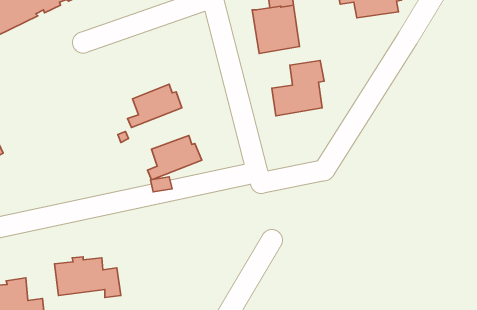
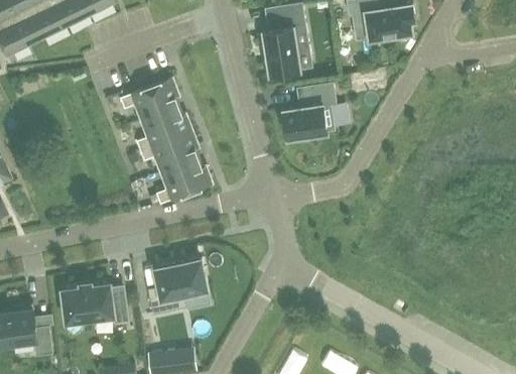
building: none -> [120,79,178,122]
building: none -> [140,131,199,173]
building: none -> [145,260,205,315]

